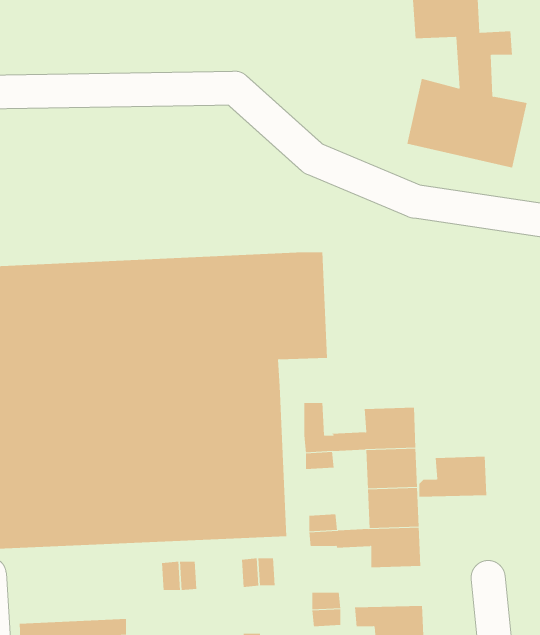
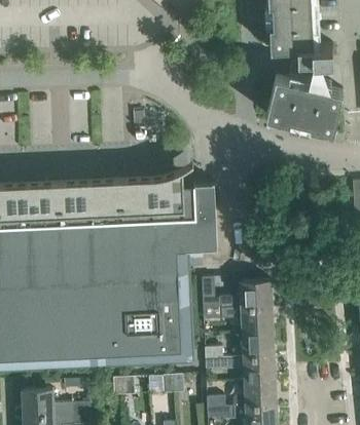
building: [418,456,487,497] -> [233,379,277,404]
building: none -> [22,388,91,415]

